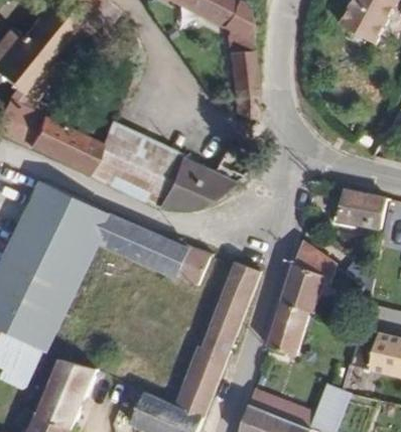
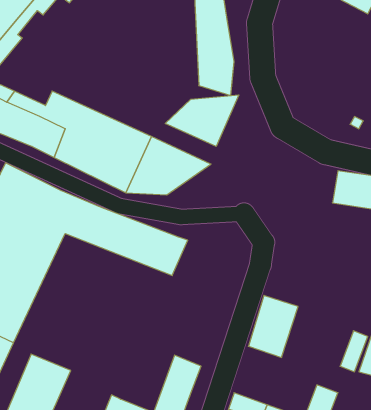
building: none -> [165,95,239,146]
building: [280,238,337,312] -> none
building: [198,258,259,365] -> none

